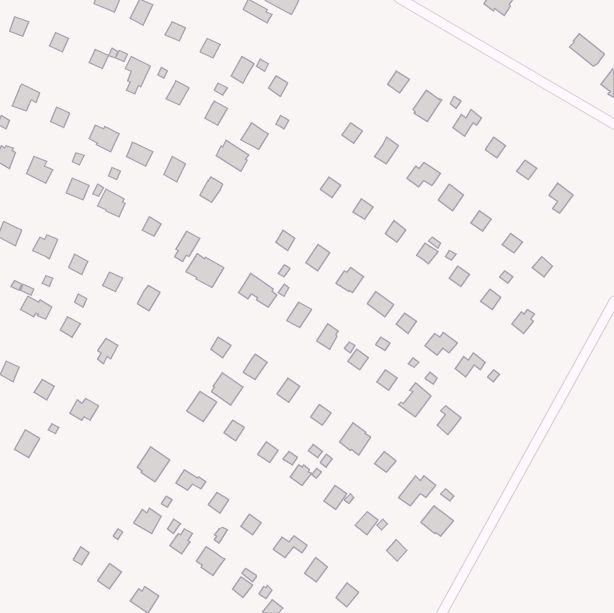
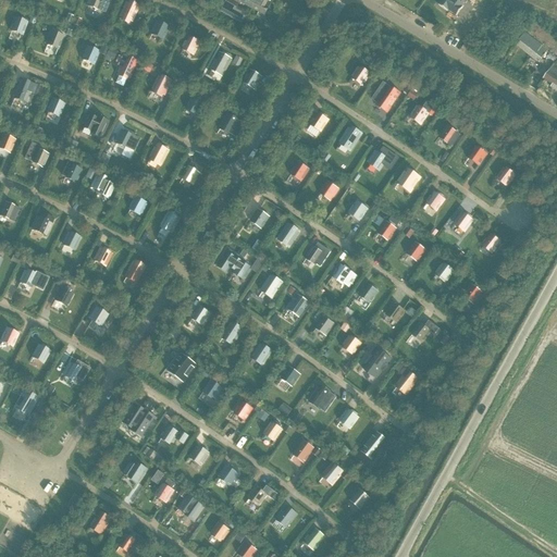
building: [216,140,249,171] -> none
building: [186,254,224,287] -> none
building: [212,373,243,405] -> none
building: [421,506,453,536] -> none

